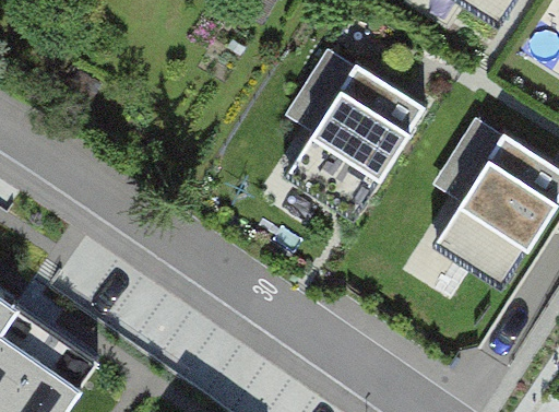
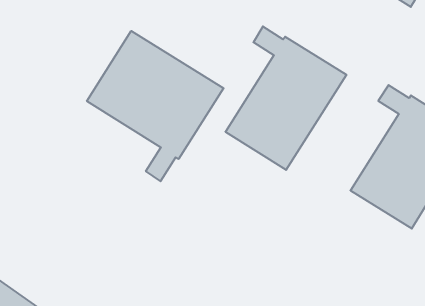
building: none -> [87,31,224,181]

